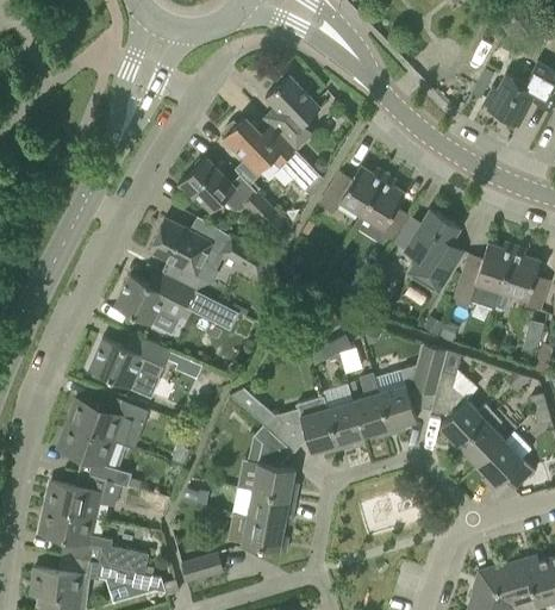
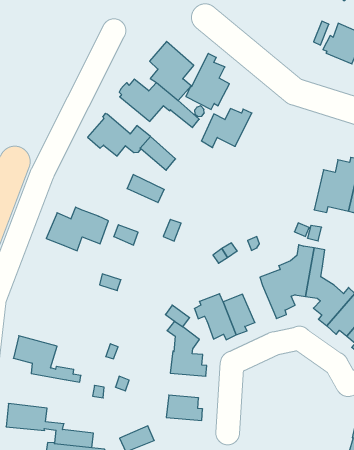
building: [354,175,410,245] -> [186,53,229,109]
building: [405,210,463,292] -> none
building: [149,219,213,276] -> none
building: [89,335,170,392] -> none
building: [353,373,392,438] -> none
building: [68,399,148,442] -> none
building: [46,473,121,518] -> none
building: [248,490,297,524] -> none

